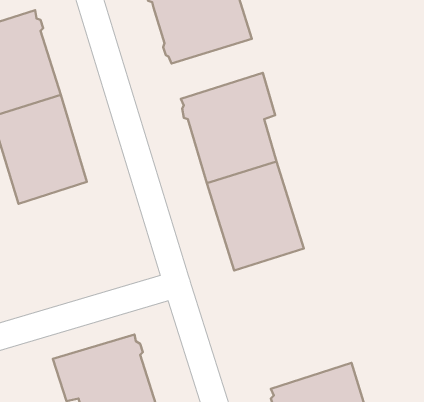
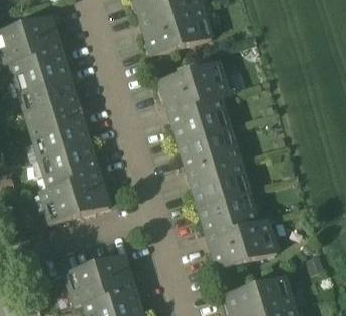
building: none -> [39,141,108,222]
building: none -> [198,191,276,269]

